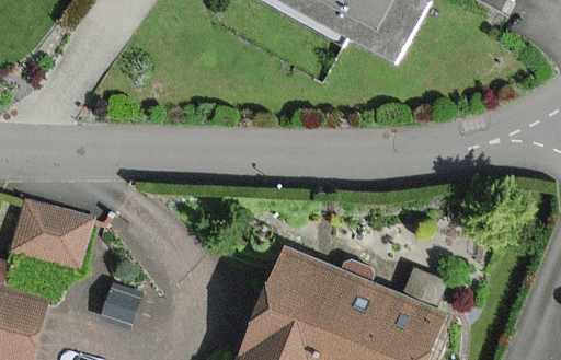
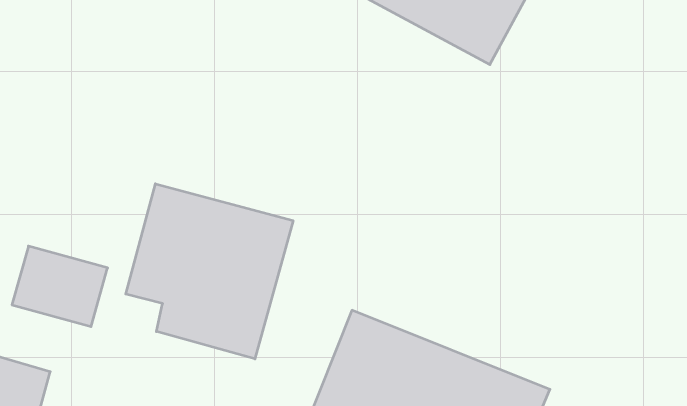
building: none -> [126,184,293,359]

